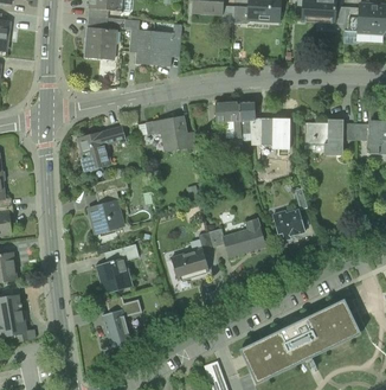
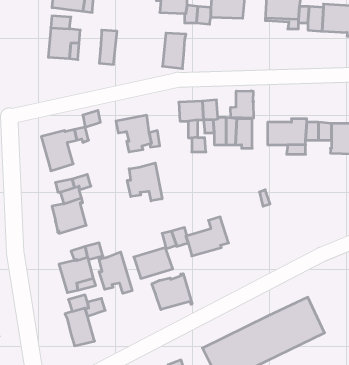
building: [150,32,174,68] -> [162,33,186,69]
building: none -> [231,91,254,118]
building: none -> [127,163,162,201]
building: [272,210,304,238] -> none
building: none -> [99,252,132,293]
building: none -> [152,274,192,310]

